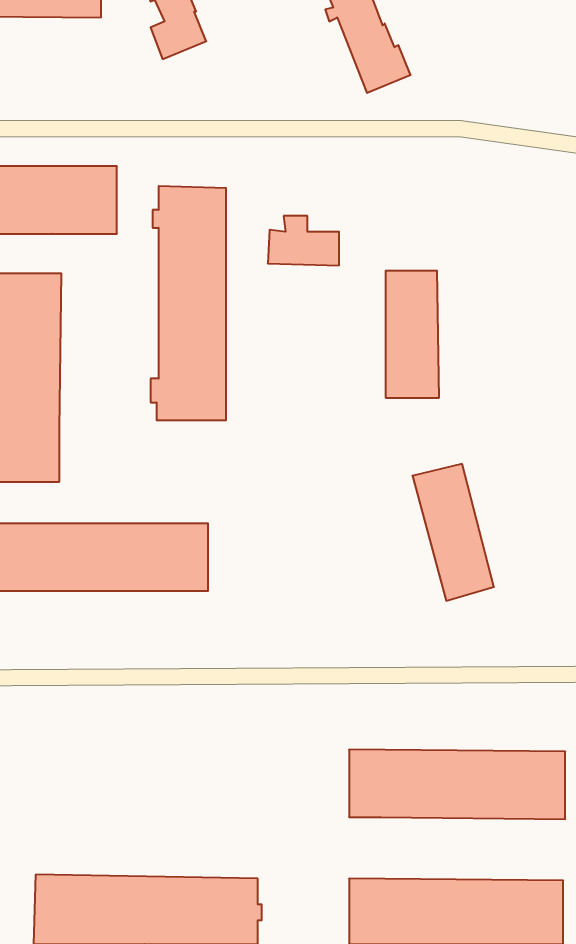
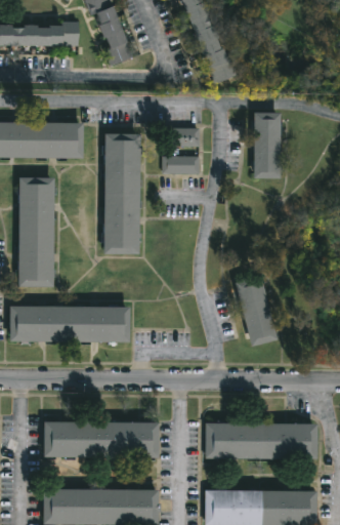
building: none -> [170,127,201,146]
building: [386,271,439,398] -> [256,112,284,177]
building: none -> [42,421,158,458]

